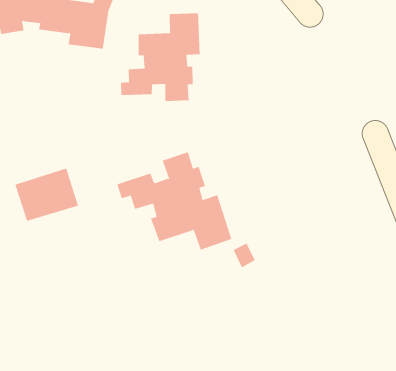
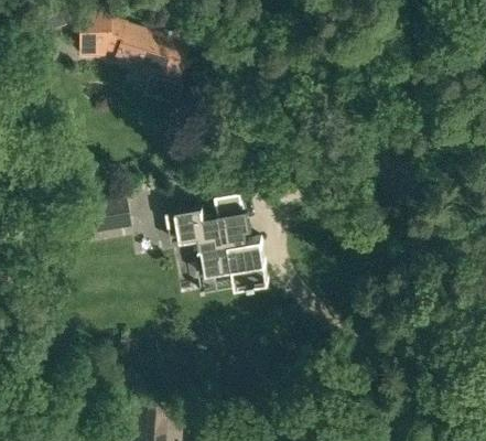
building: [120,13,200,102] -> none

